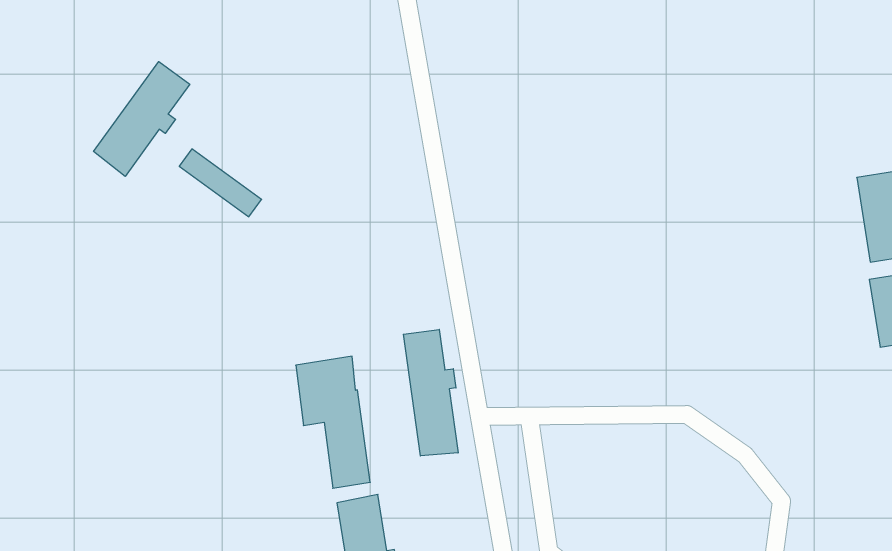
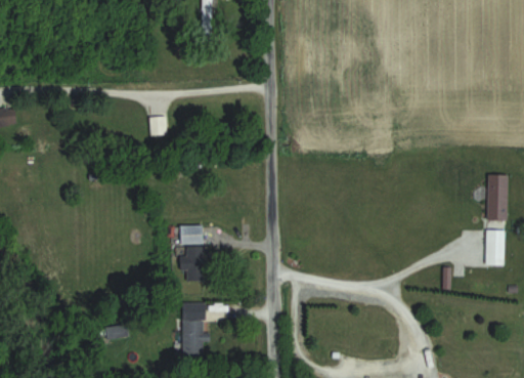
building: [94,62,190,176] -> none
building: [403,329,458,456] -> none

